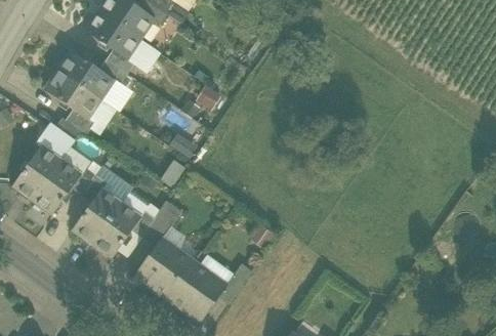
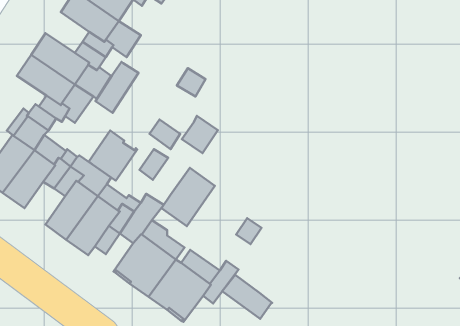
building: none -> [95,62,138,113]
building: none -> [182,116,218,153]
building: none -> [89,130,137,180]
building: none -> [162,168,215,226]
building: none -> [222,275,272,319]

